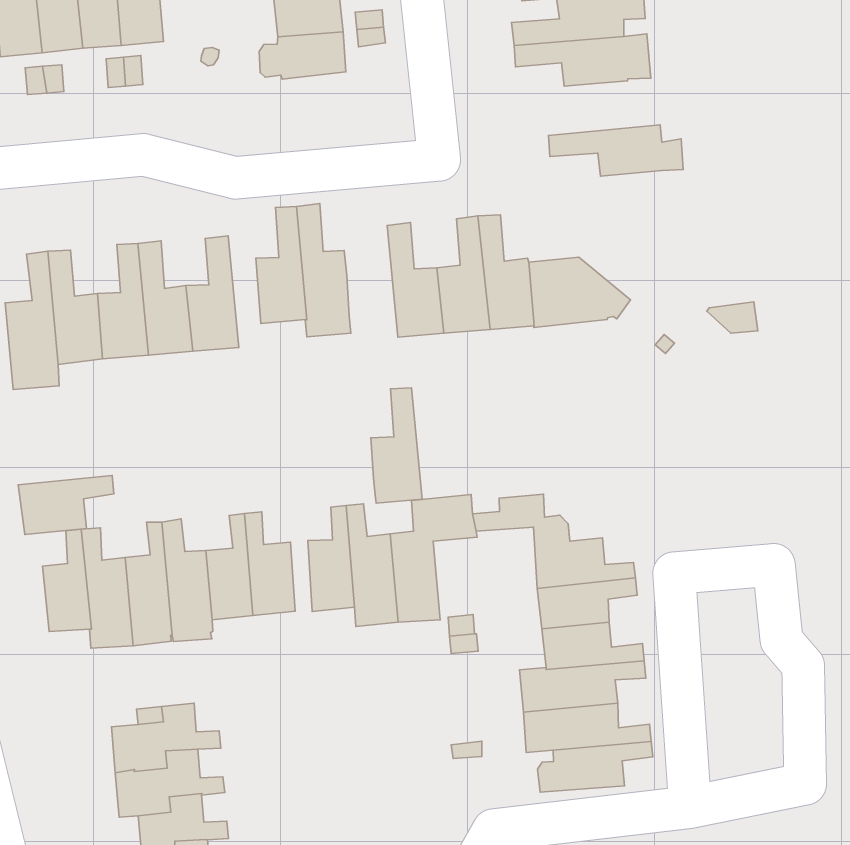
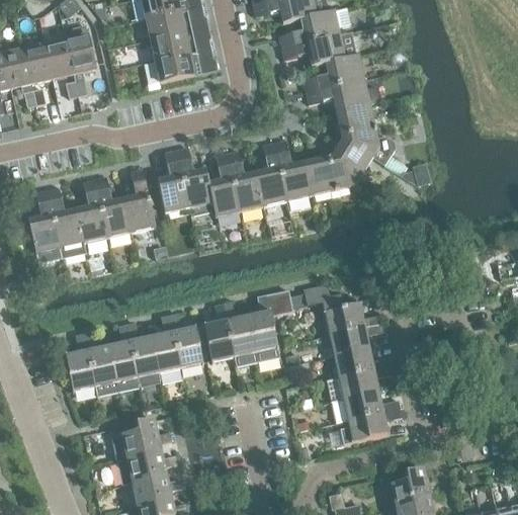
building: none -> [303,55,364,93]
building: none -> [330,104,394,175]
building: [371,388,422,503] -> [207,152,239,216]
building: [18,475,114,535] -> none

